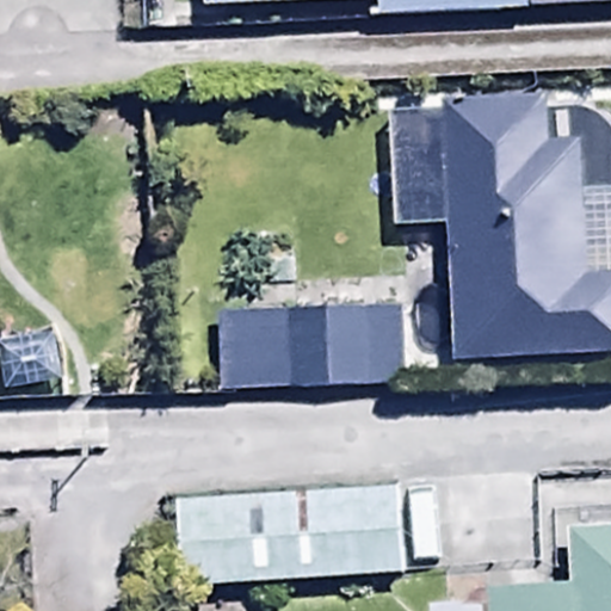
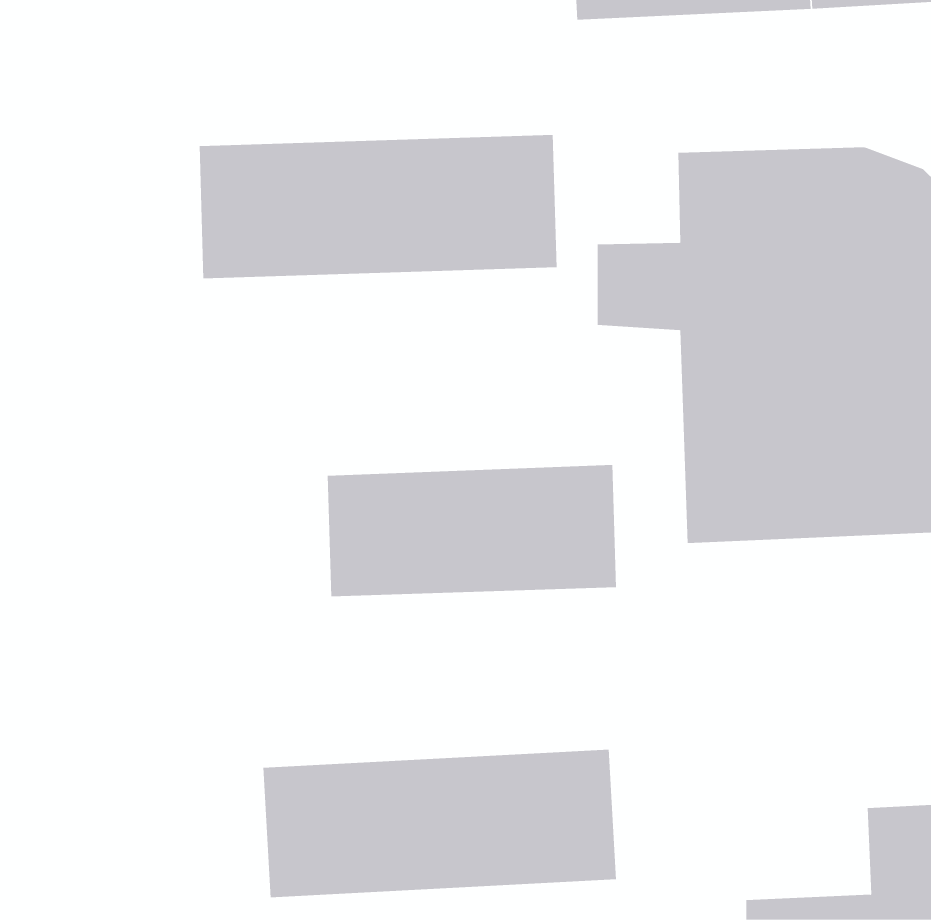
building: none -> [199,134,557,279]

